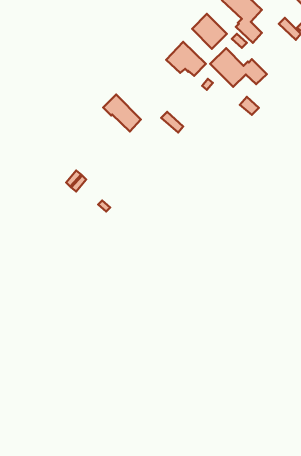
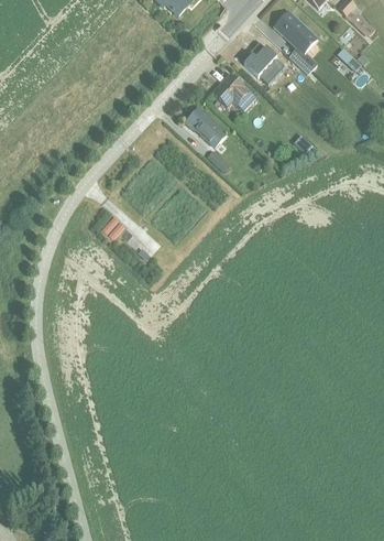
building: [210,48,267,87] -> none
building: [103,95,141,132] -> [185,107,227,148]

